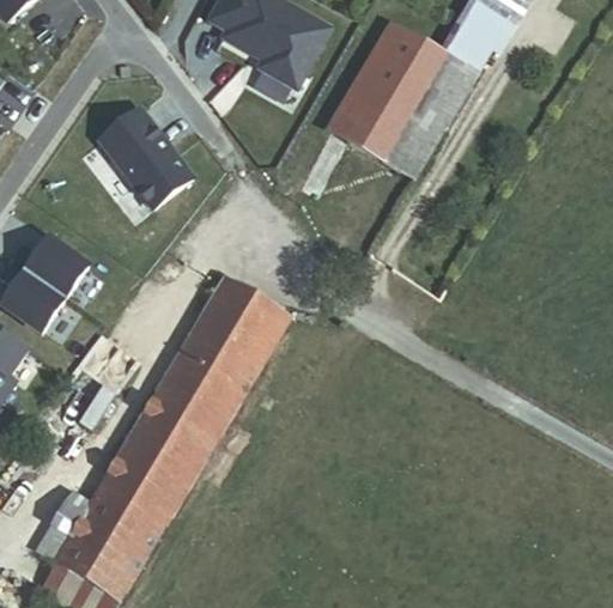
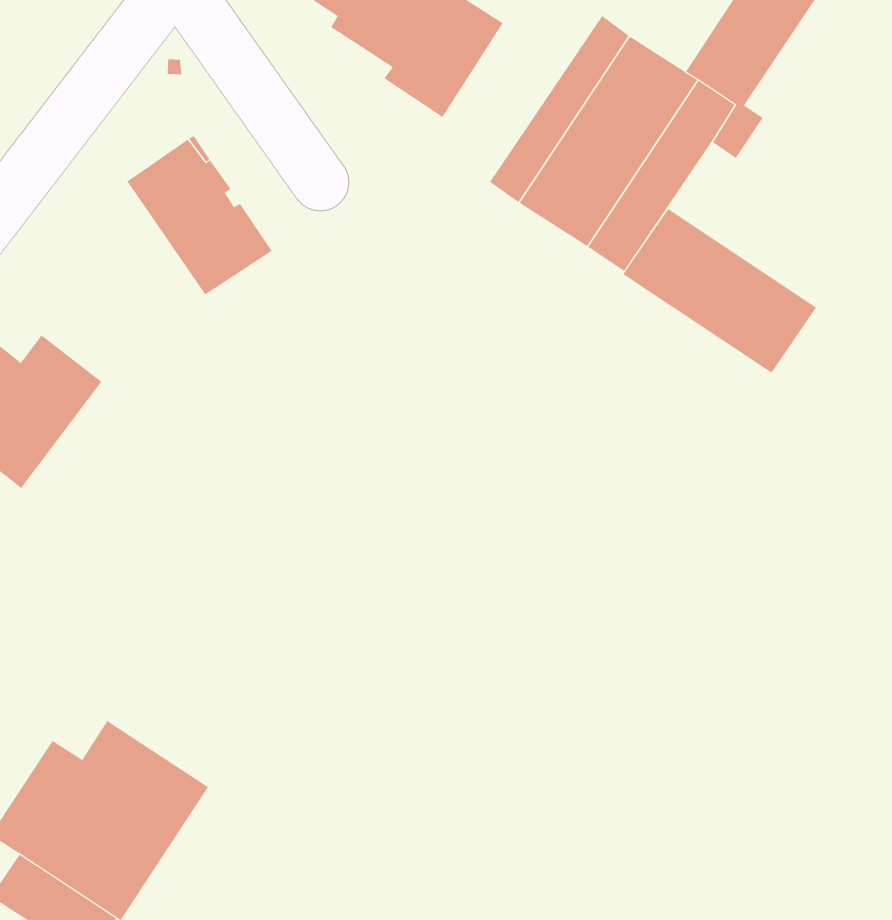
building: none -> [623,208,817,373]
building: [105,275,290,513] -> none

